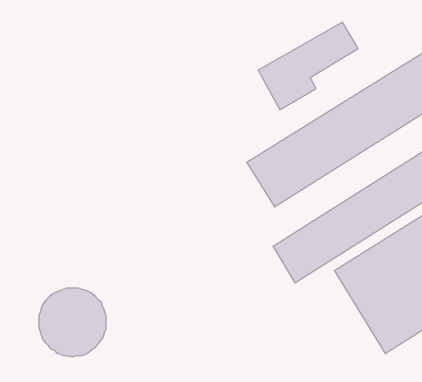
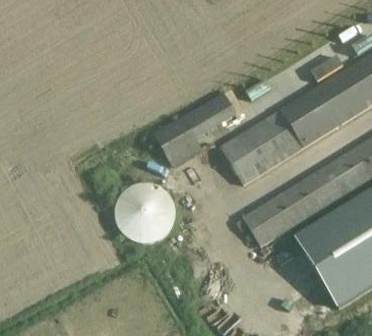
building: [258,22,358,110] -> [154,93,239,167]
building: [39,288,106,357] -> [118,184,175,242]

